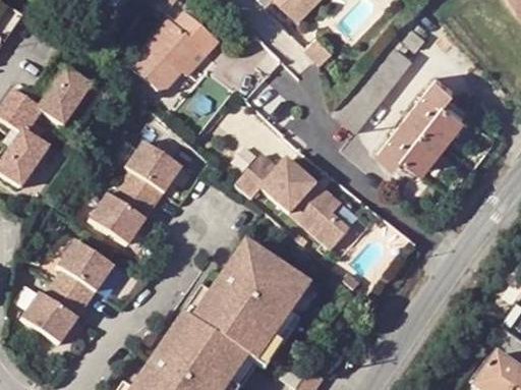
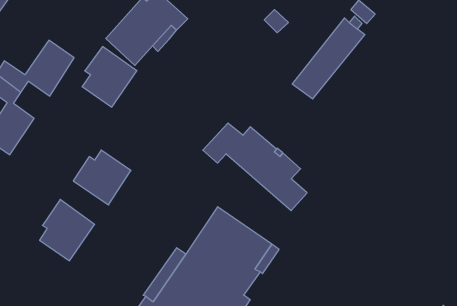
building: [372,74,462,169] -> none
building: [122,142,182,208] -> [82,47,137,107]
building: [23,284,88,344] -> none

